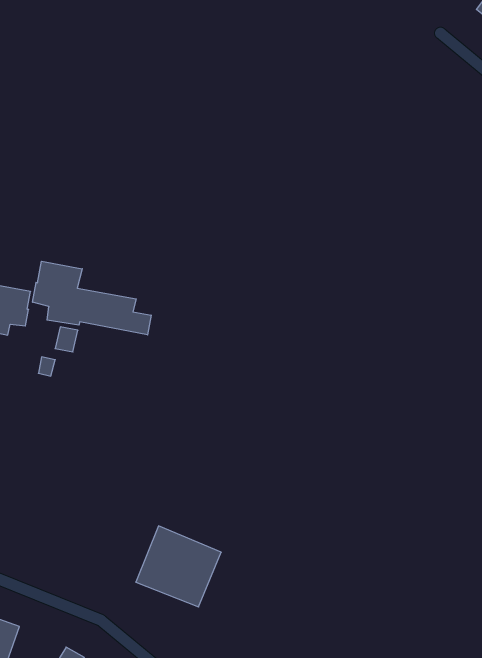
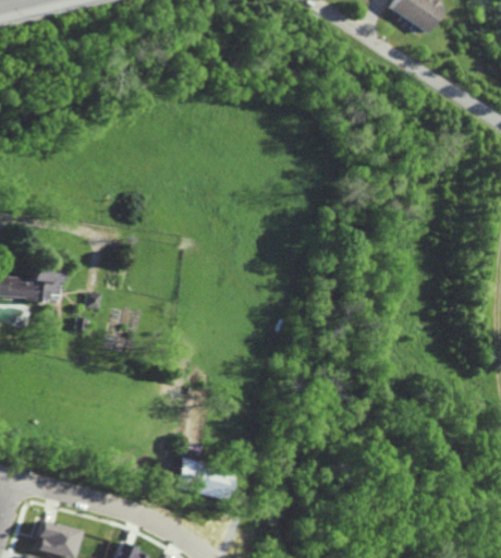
building: [33,261,151,335] -> none

